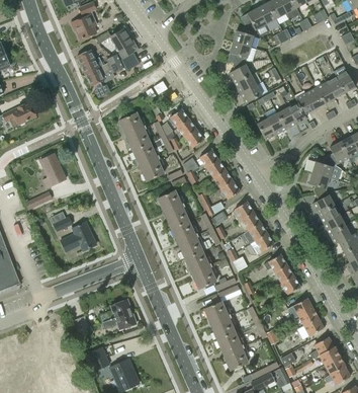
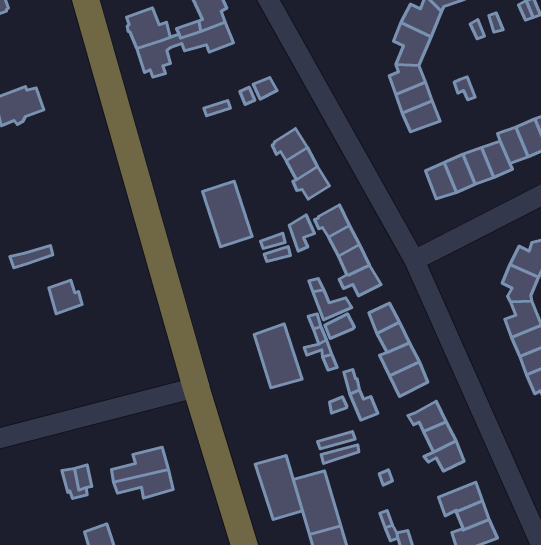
building: [118,112,149,151] -> none
building: [39,154,65,185] -> none
building: [157,190,187,229] -> none
building: [60,222,95,251] -> none
building: [184,251,214,289] -> [255,456,303,520]

